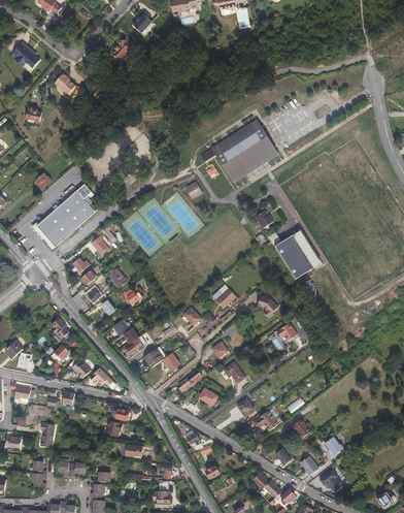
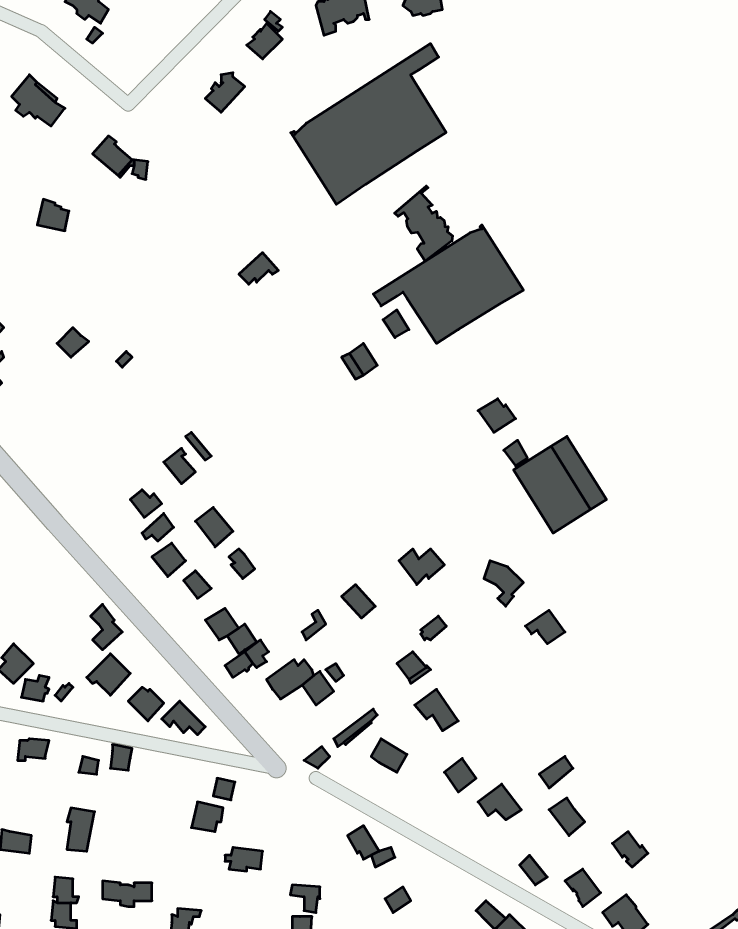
building: none -> [291,44,446,204]
building: none -> [395,186,453,261]
building: [34,185,97,247] -> none

